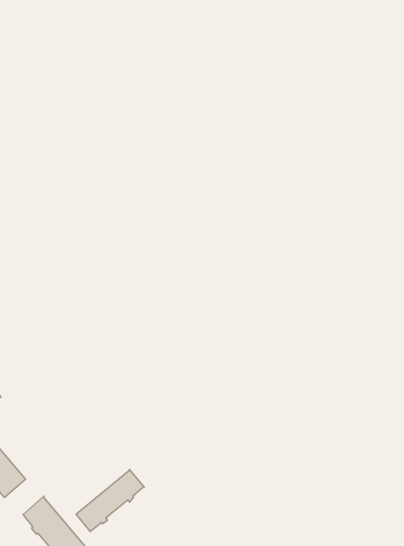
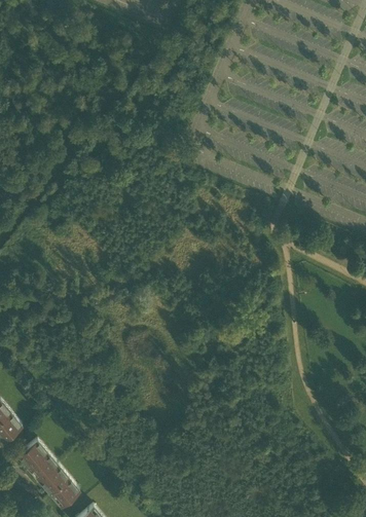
building: [76,470,144,532] -> none

